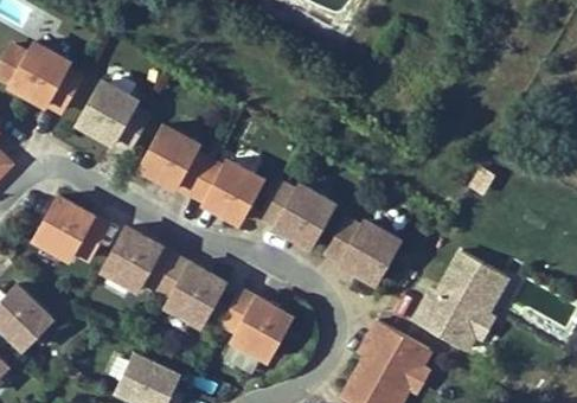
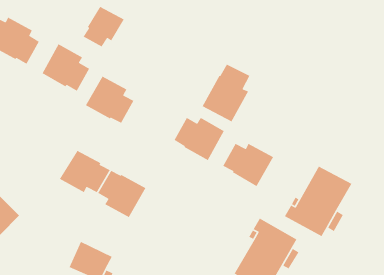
building: none -> [83,6,125,48]
building: none -> [201,64,251,122]
building: [190,162,261,223] -> none
building: [37,199,107,260] -> none
building: [222,292,289,359] -> none

